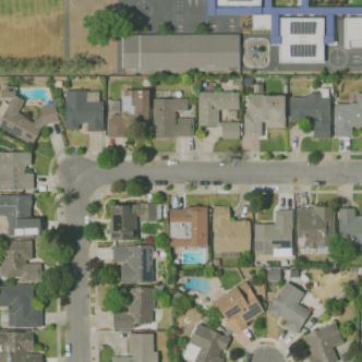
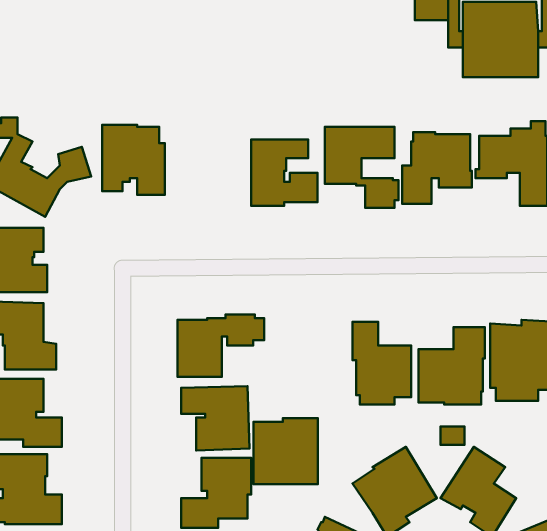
building: [123,35,240,69] -> none
building: [109,91,149,137] -> none
building: [170,207,208,246] -> [253,418,318,484]

